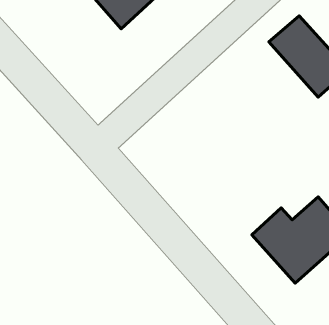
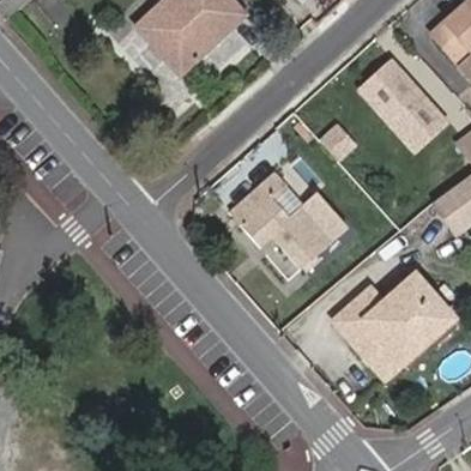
building: none -> [231,174,344,266]

